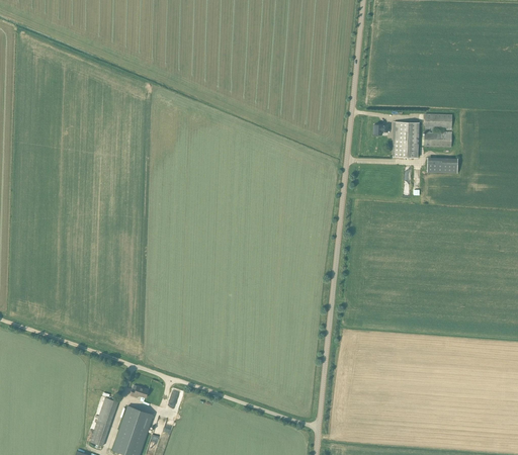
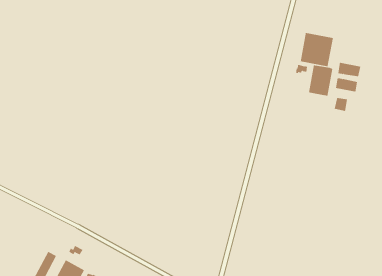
building: none -> [300,32,333,67]

